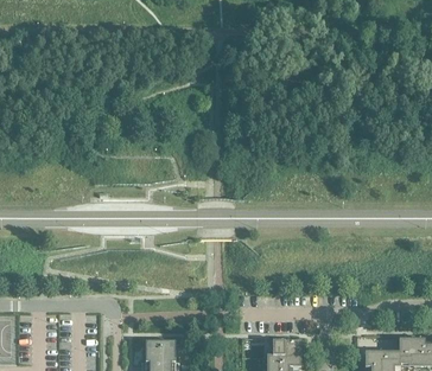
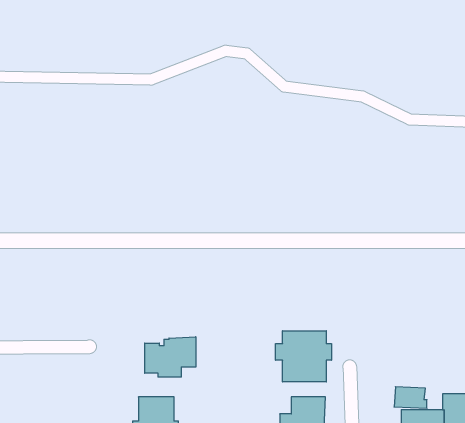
building: none -> [276,331,331,382]
building: none -> [145,337,196,377]

